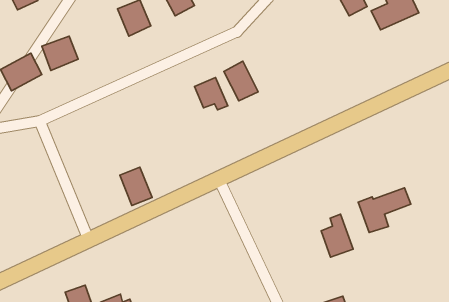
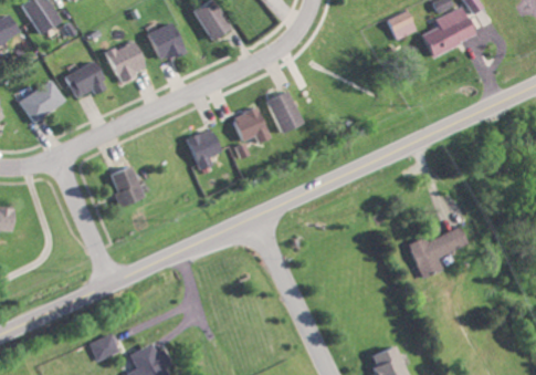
building: none -> [107,41,147,82]
building: none -> [188,129,219,169]
building: [120,167,152,206] -> [107,165,143,207]
building: [321,214,353,257] -> none

